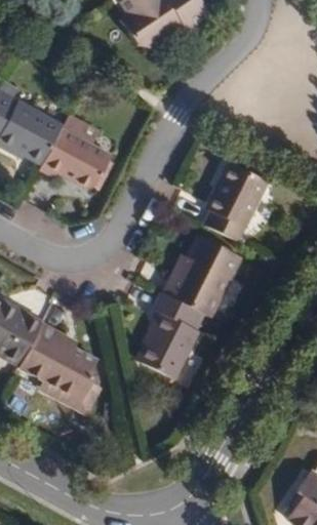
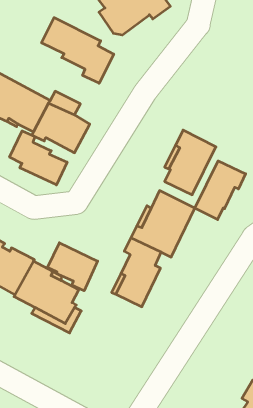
building: none -> [42,18,114,83]
building: none -> [10,131,67,185]
building: none -> [195,161,246,220]
building: none -> [48,243,98,291]

